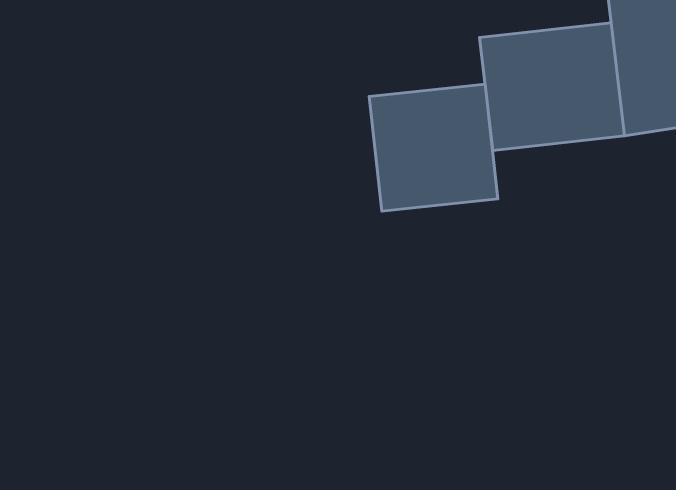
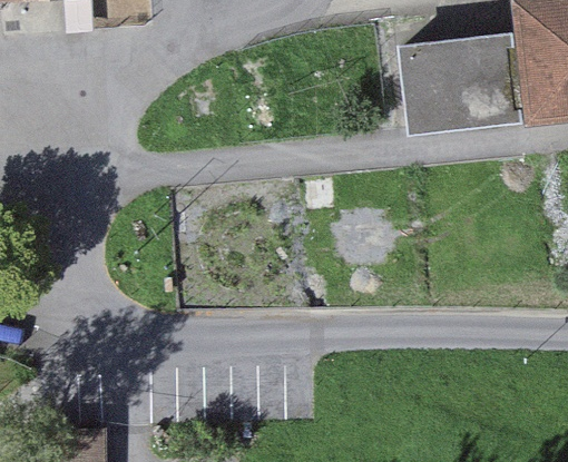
building: [369,84,498,211] -> none

